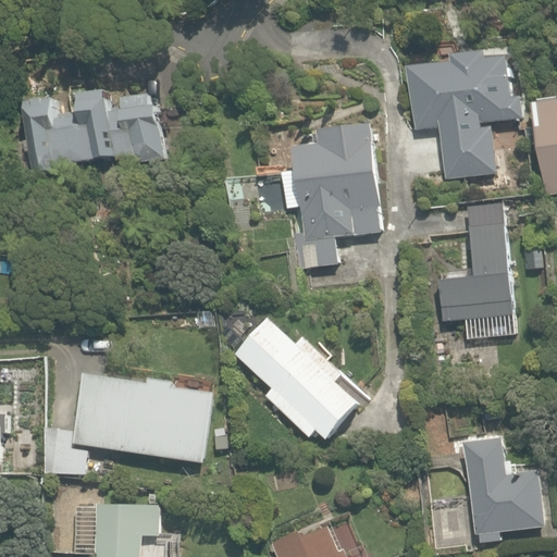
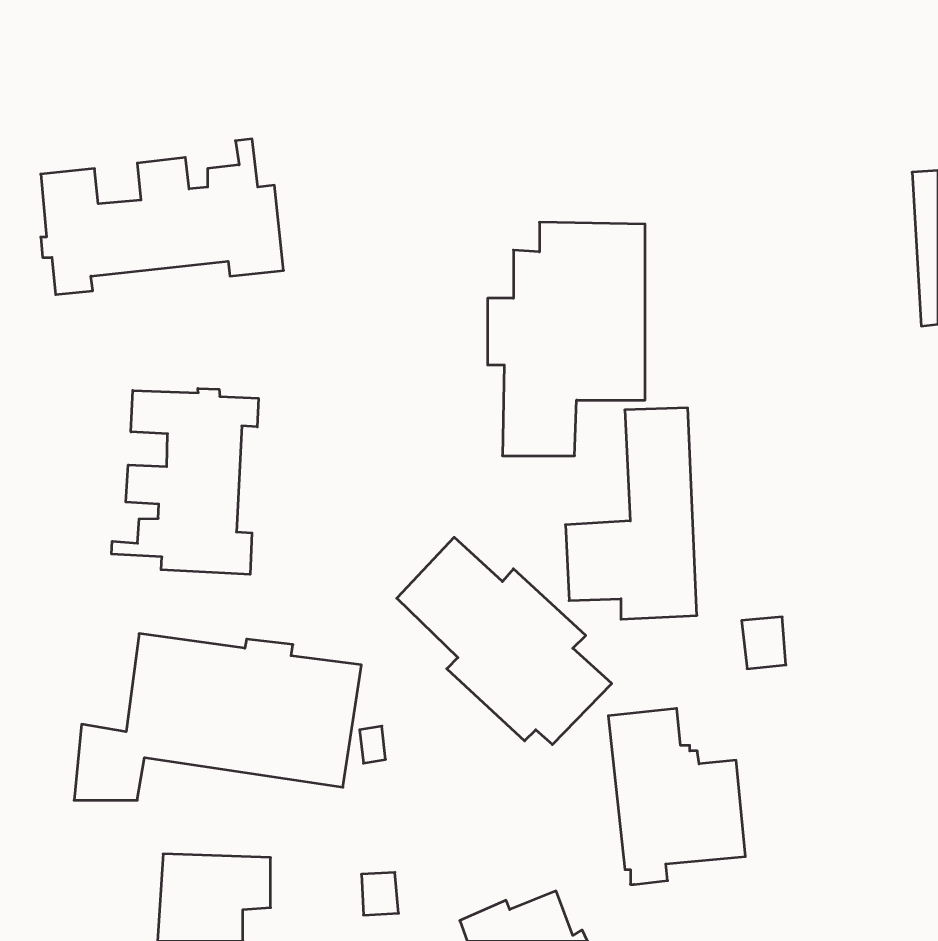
building: [409,49,524,177] -> none
building: [435,215,512,339] -> [565,408,697,619]
building: none -> [112,388,258,574]
building: [463,437,544,541] -> [608,708,745,884]

